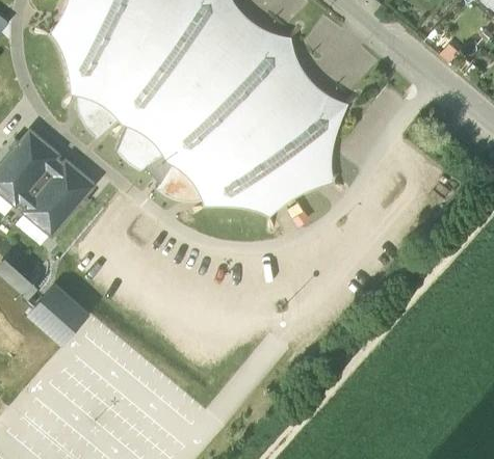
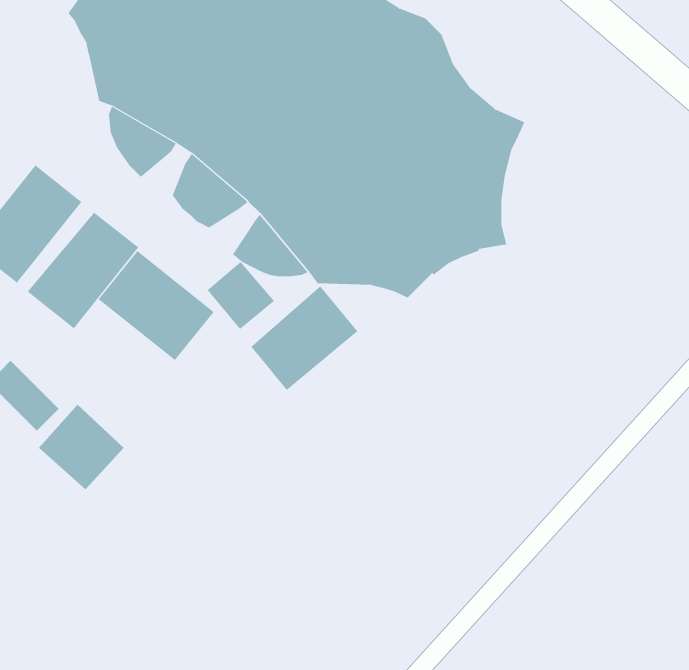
building: none -> [98,250,214,361]
building: none -> [207,261,275,330]
building: none -> [251,285,358,391]

